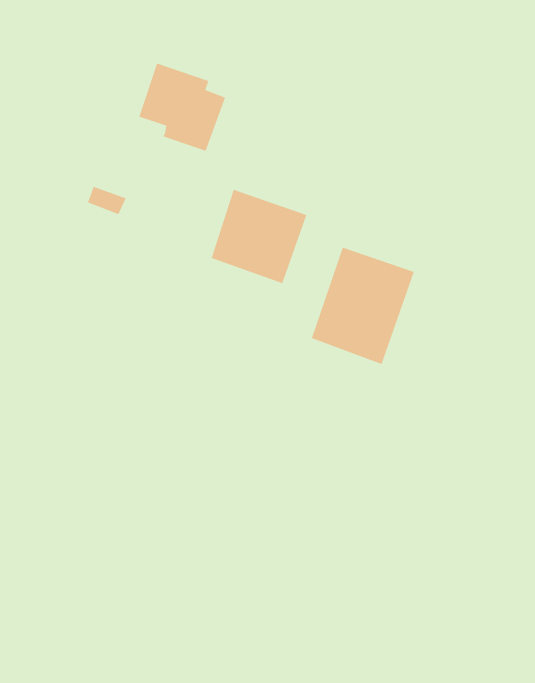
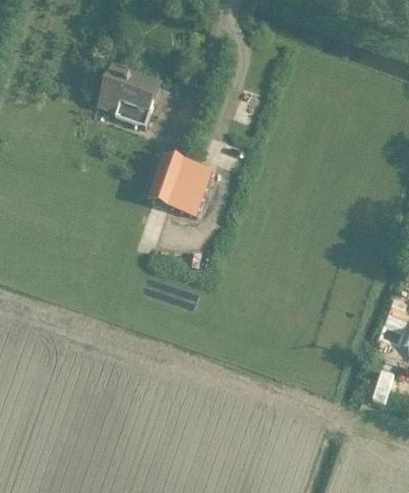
building: [311,247,414,365] -> none

